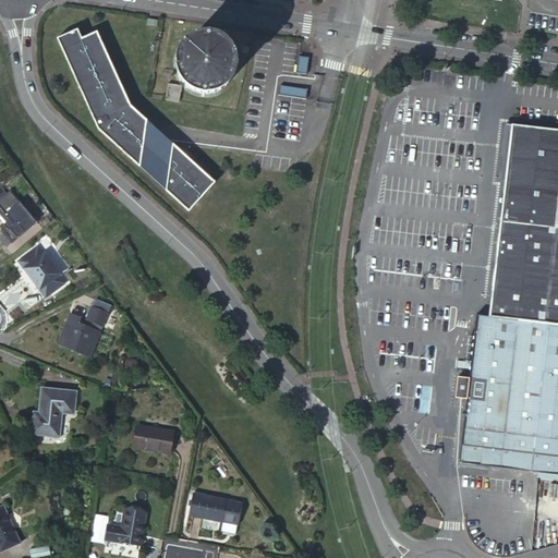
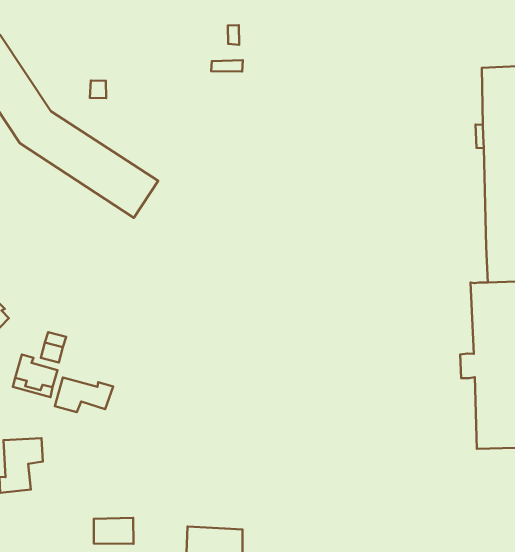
building: [174,34,233,93] -> none
building: none -> [55,377,113,412]
building: [135,424,173,451] -> [94,518,133,544]

